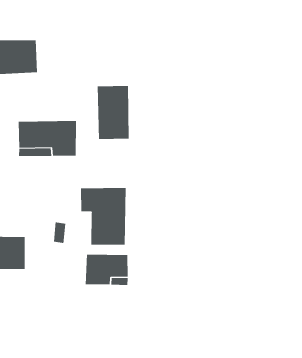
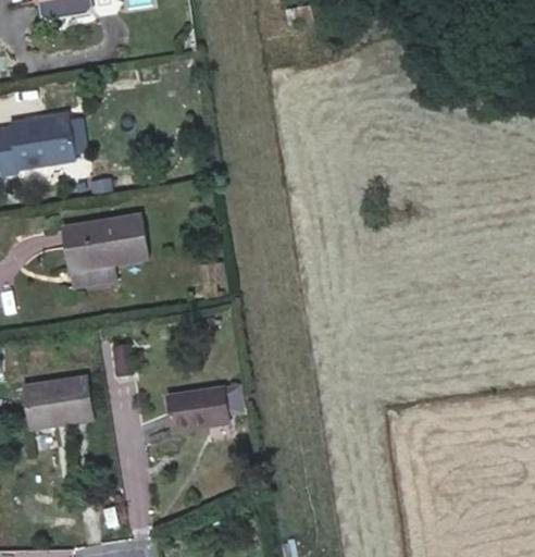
building: [97,85,129,140] -> none
building: [81,187,126,246] -> none

